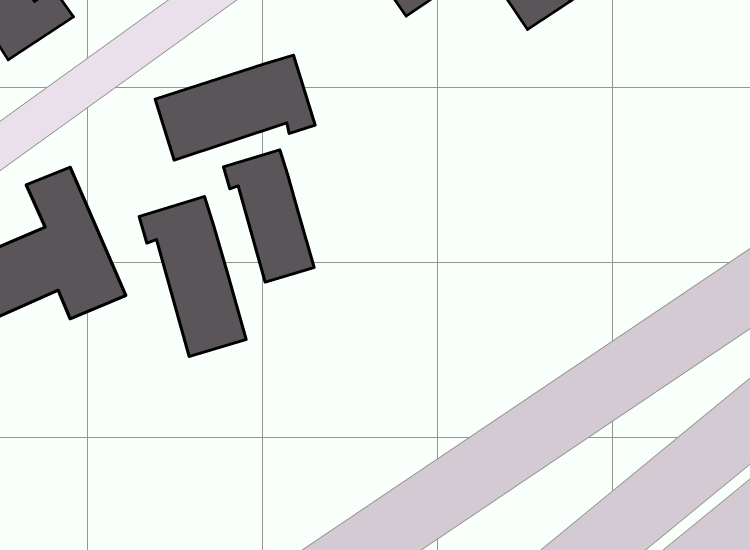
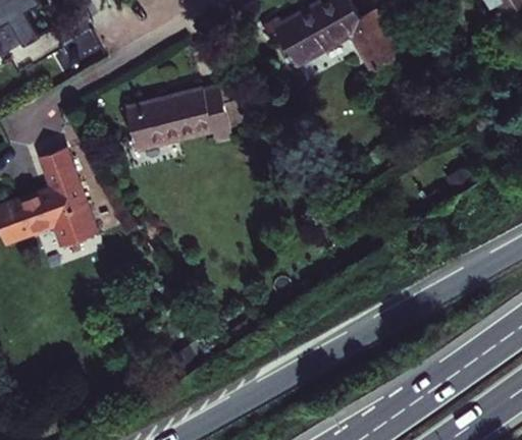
building: [224,150,314,282] -> none
building: [139,197,246,356] -> none

